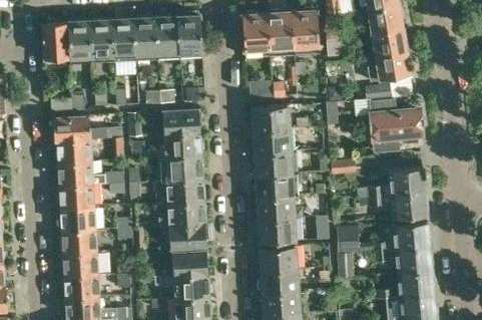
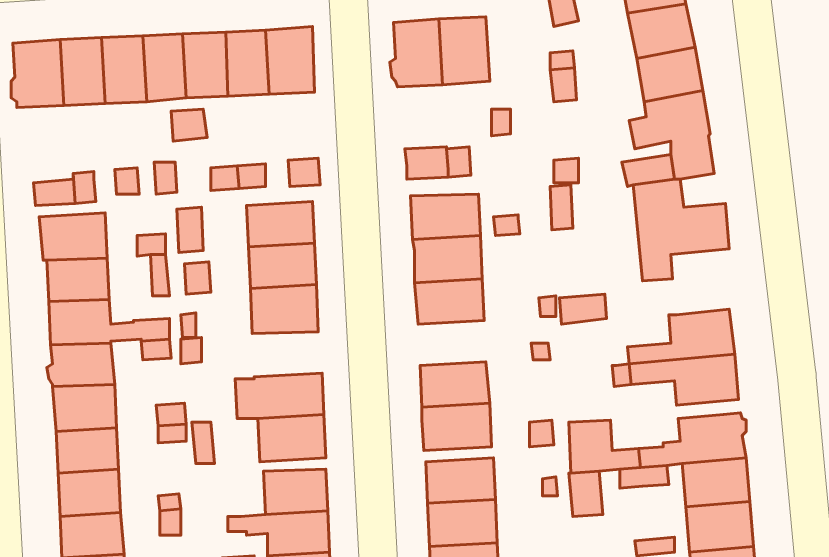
building: [292,10,318,46] -> none
building: [256,174,292,198] -> none
building: [153,180,204,204] -> none

